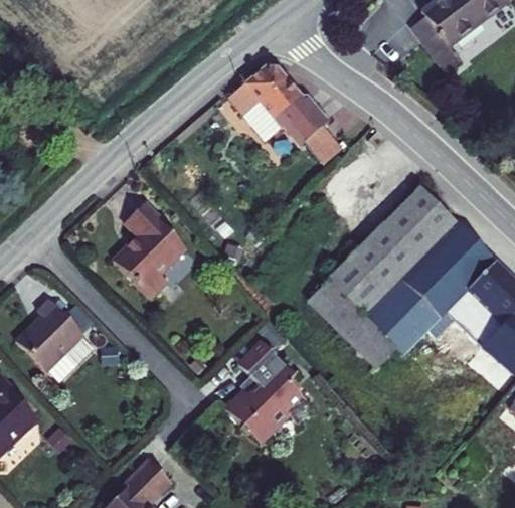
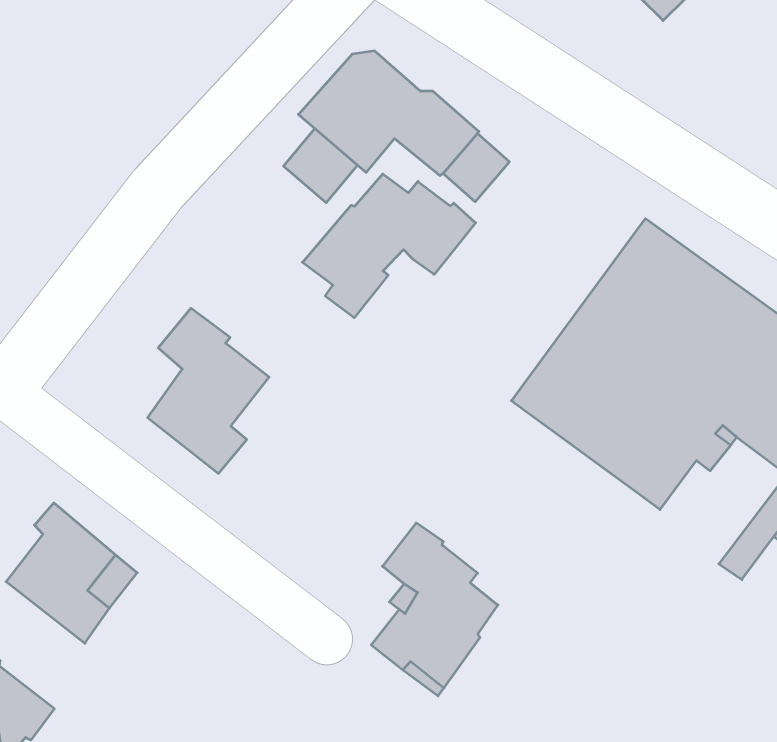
building: none -> [284,129,358,203]
building: none -> [302,174,476,318]
building: [307,281,395,368] -> none

